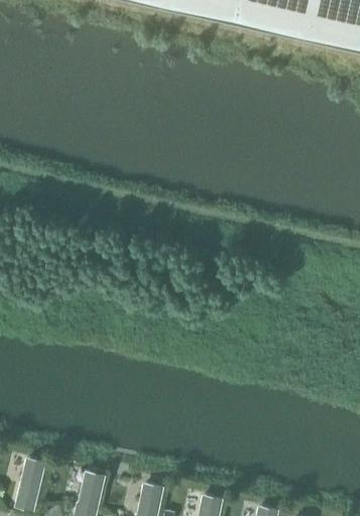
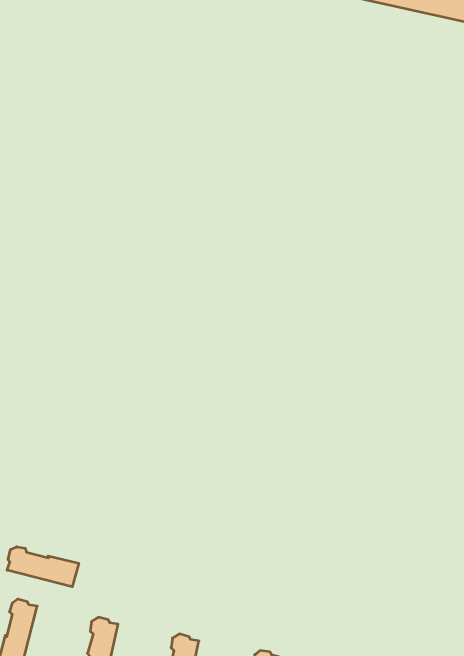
building: none -> [7,547,79,587]

